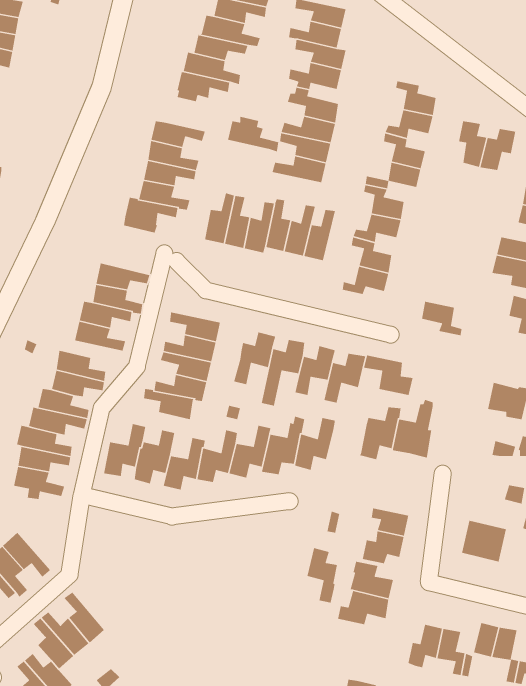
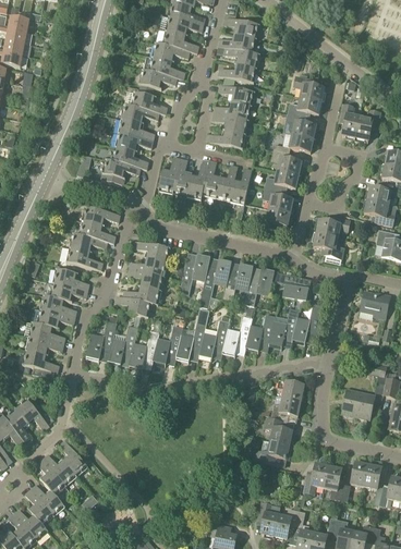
building: [227,116,279,152] -> [130,88,167,114]
building: none -> [315,217,350,237]
building: none -> [245,314,275,350]
building: [306,547,338,603] -> none

